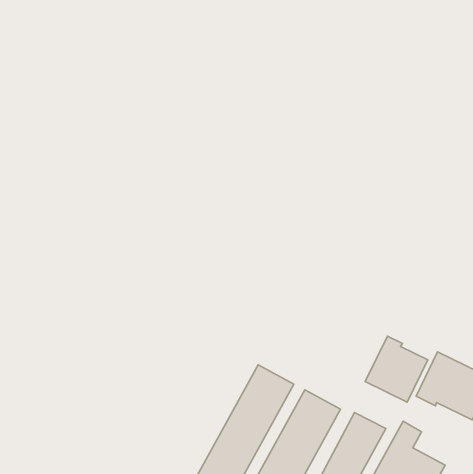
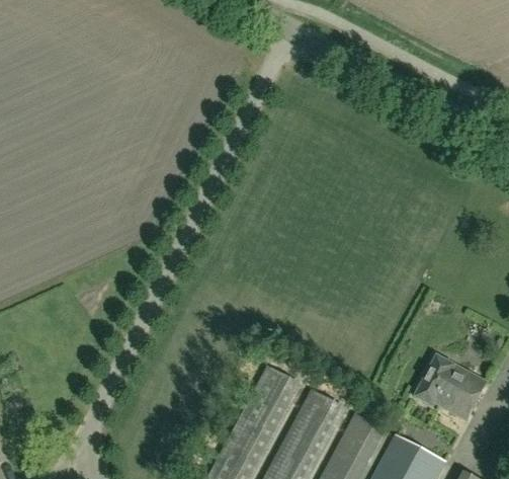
building: [365,336,428,402] -> none

